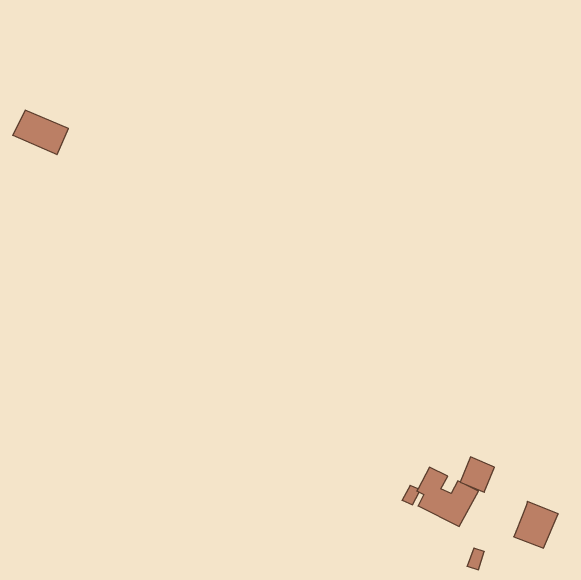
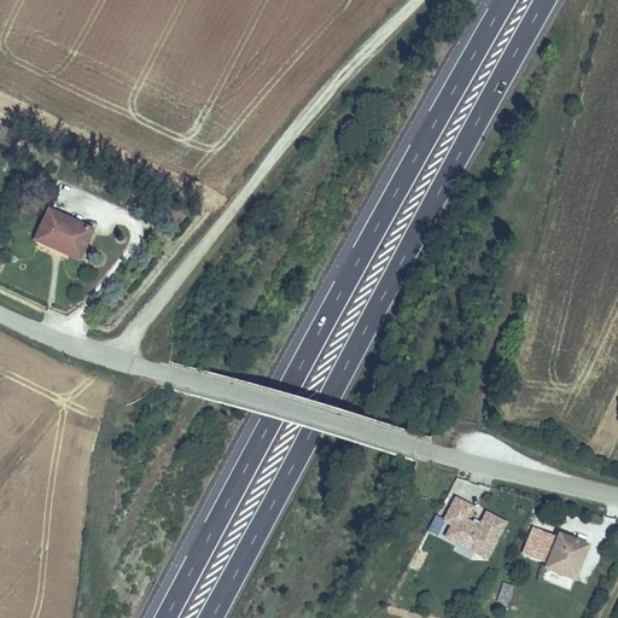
building: [13,110,68,155] -> [34,212,93,260]
building: [460,457,494,492] -> [521,525,558,562]

